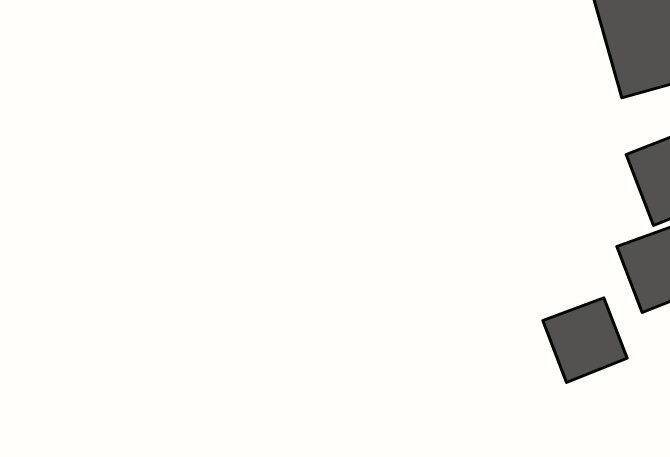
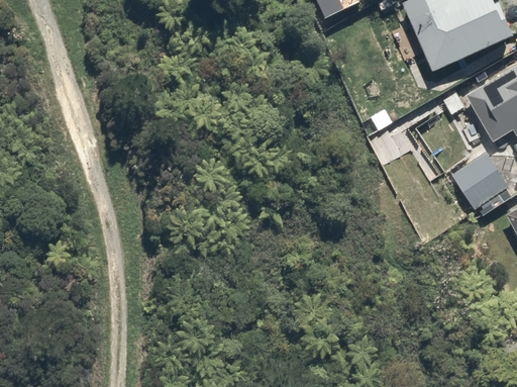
building: [543,298,627,382] -> none

